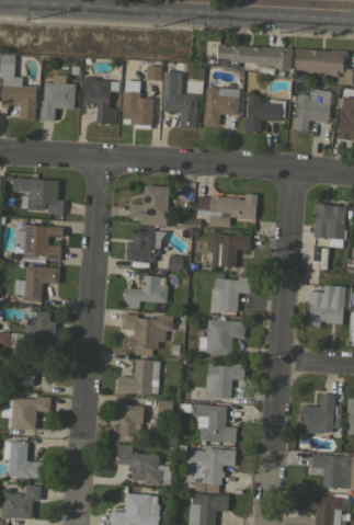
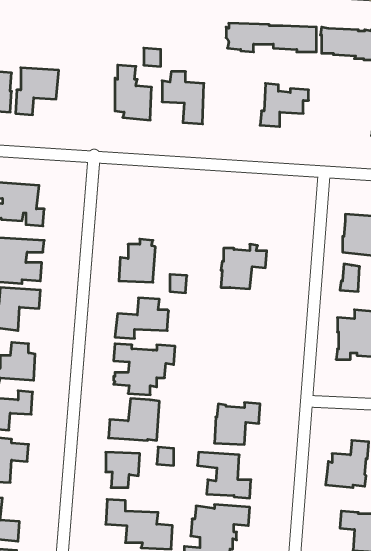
building: [82,77,116,124] -> none
building: [203,88,240,126] -> none
building: [292,89,331,132] -> none
building: [128,185,170,227] -> none
building: [197,194,258,227] -> none
building: [213,273,251,312] -> none
building: [197,320,245,355] -> none

